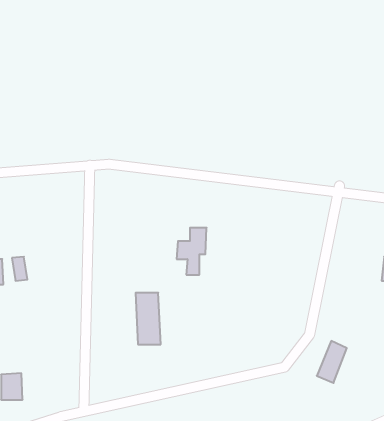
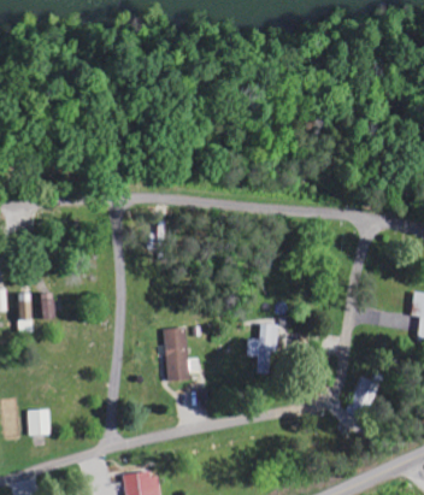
building: [177,228,207,275] -> [247,324,277,371]

